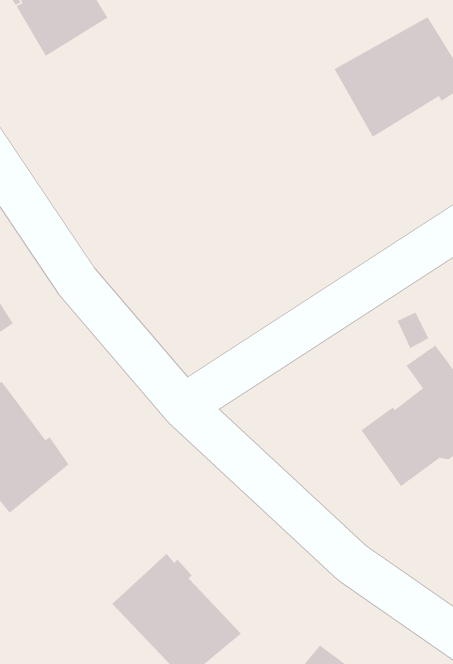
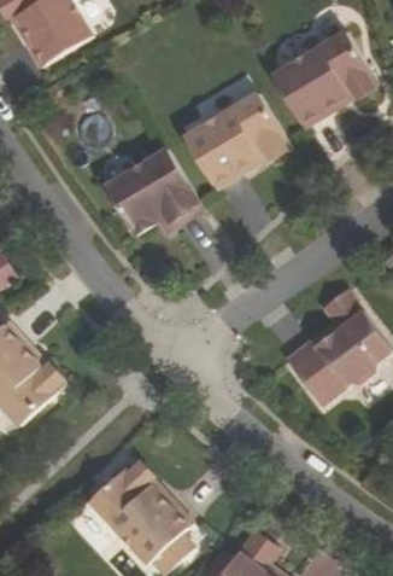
building: none -> [186,88,294,185]
building: none -> [104,144,203,234]

